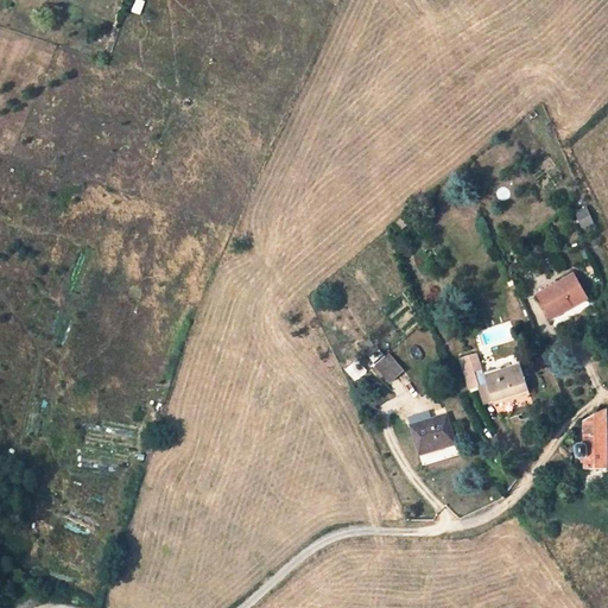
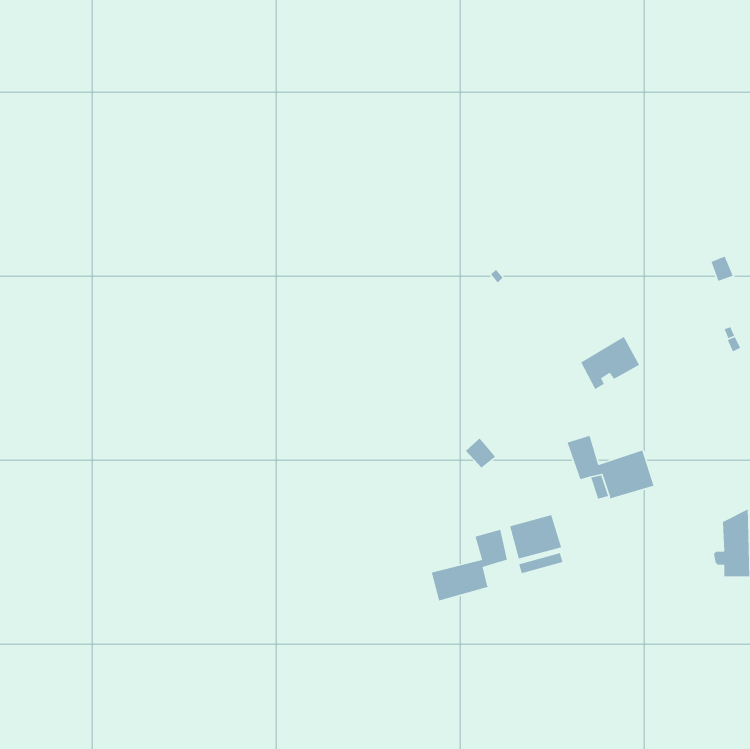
building: [538,273,587,317] -> [580,336,640,390]
building: none -> [431,529,508,602]

